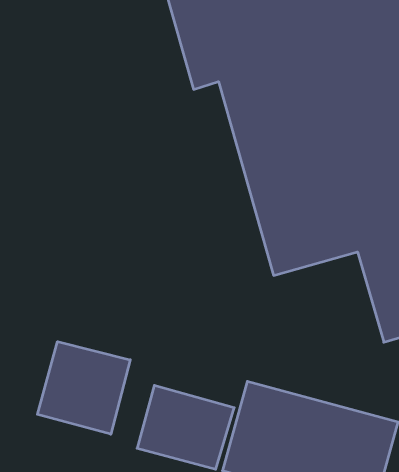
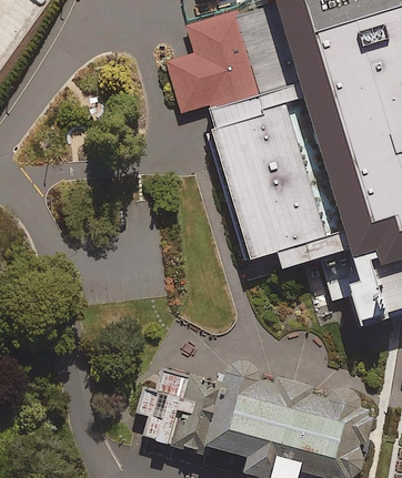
building: [37,342,130,434] -> none

